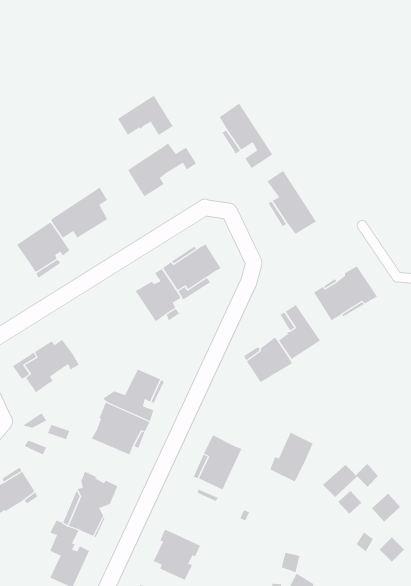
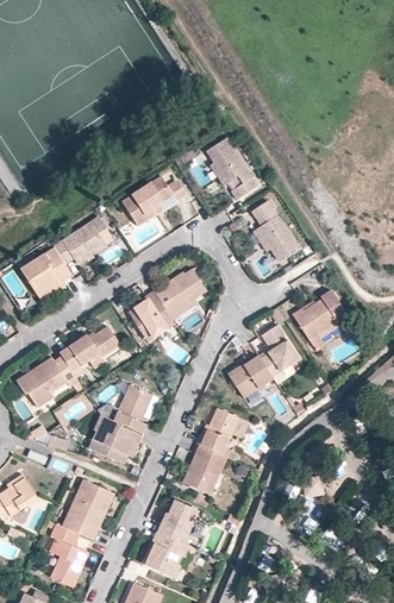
building: [117,95,173,136] -> none
building: none -> [60,327,119,370]
building: [269,432,313,482] -> [198,409,238,456]
building: none -> [156,500,199,544]

